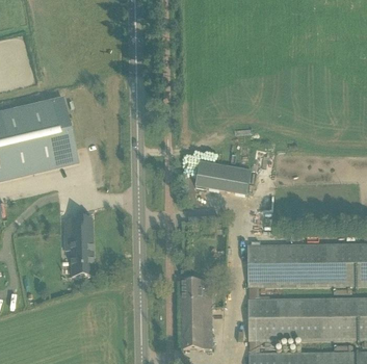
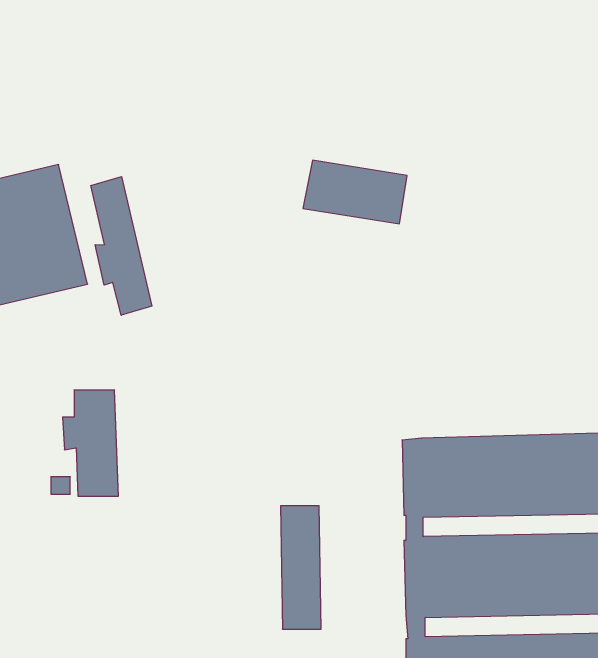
building: none -> [91,177,152,315]
building: [195,160,252,194] -> [303,160,407,224]

